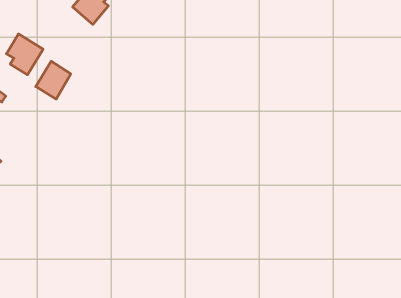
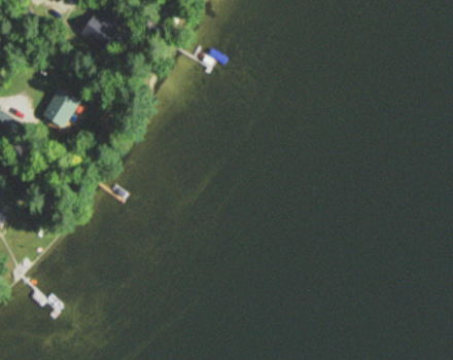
building: [6,34,43,75] -> none

